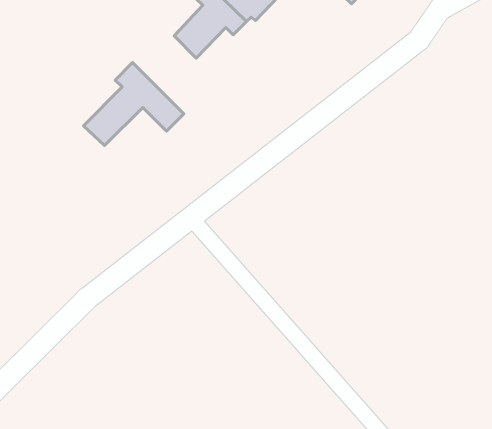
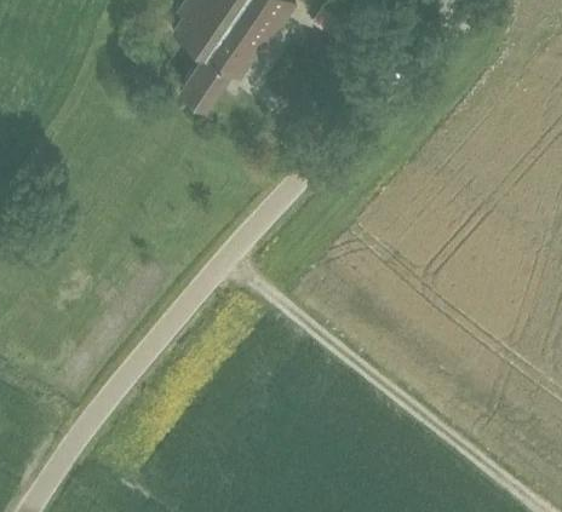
building: [84,63,184,145] -> none

